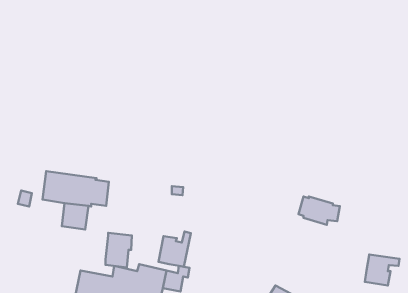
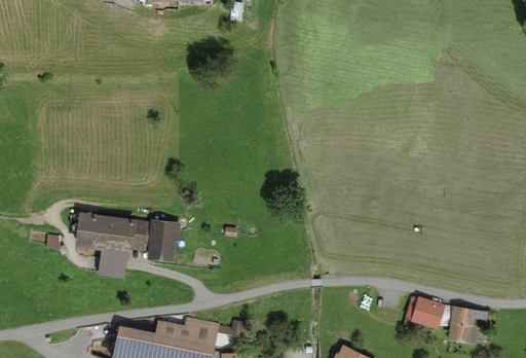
building: [298,196,340,225] -> [406,296,454,329]
building: [159,232,191,267] -> none
building: [105,233,132,268] -> [149,219,180,259]

